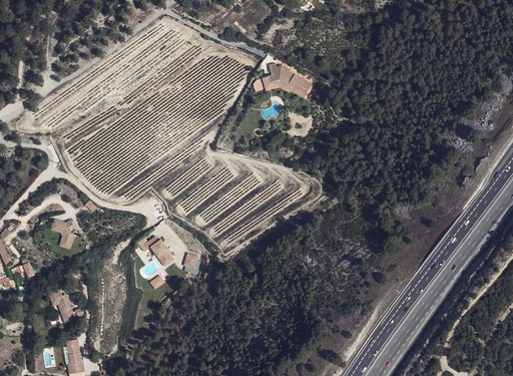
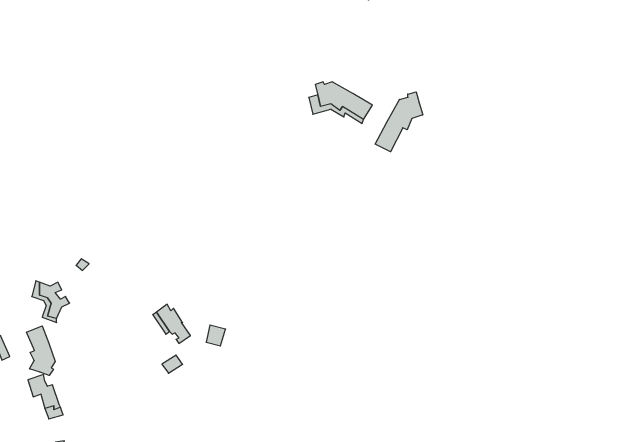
building: none -> [375,92,423,152]
building: none -> [27,326,55,375]

